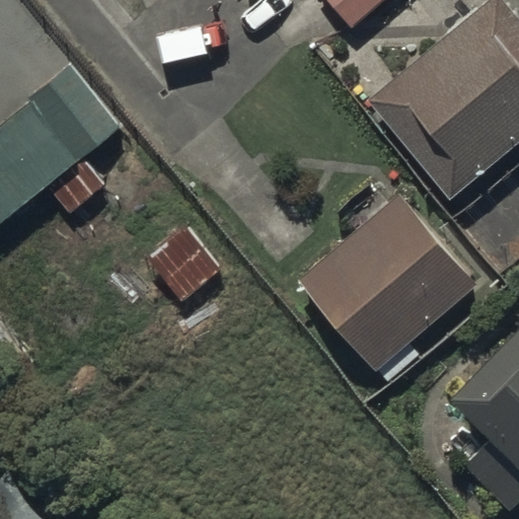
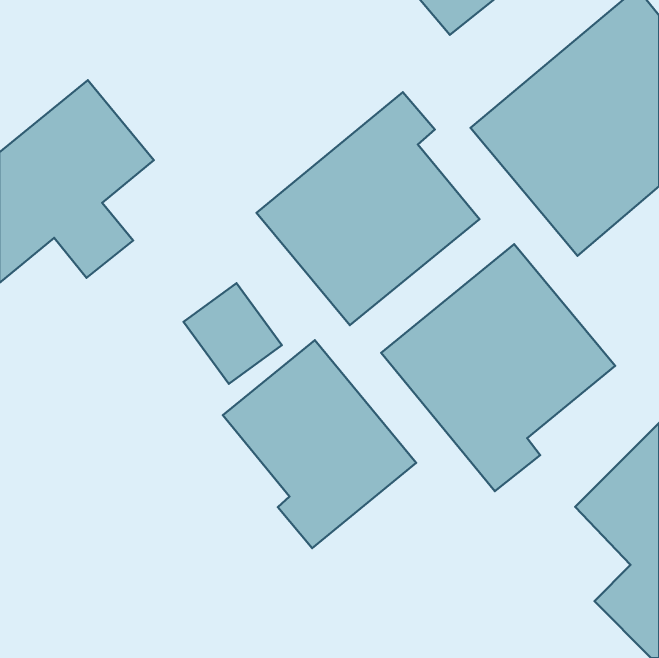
building: none -> [256,92,479,325]
building: none -> [223,340,416,548]

